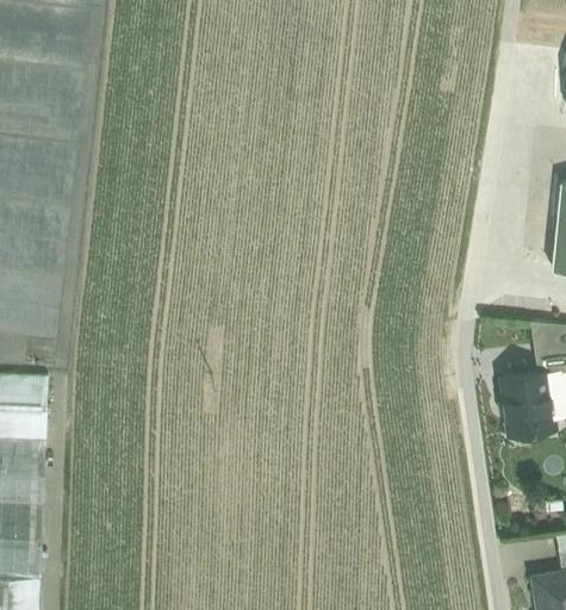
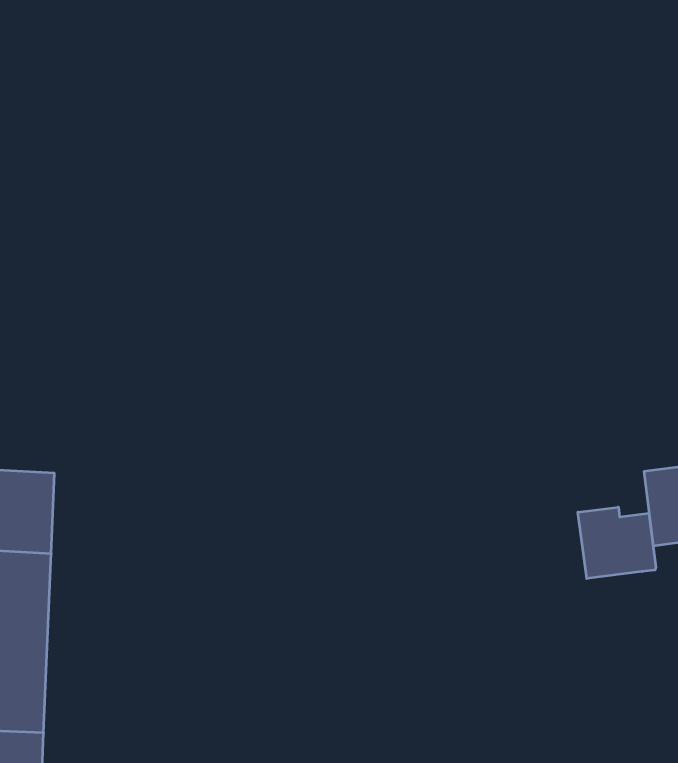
building: none -> [578,507,656,579]

